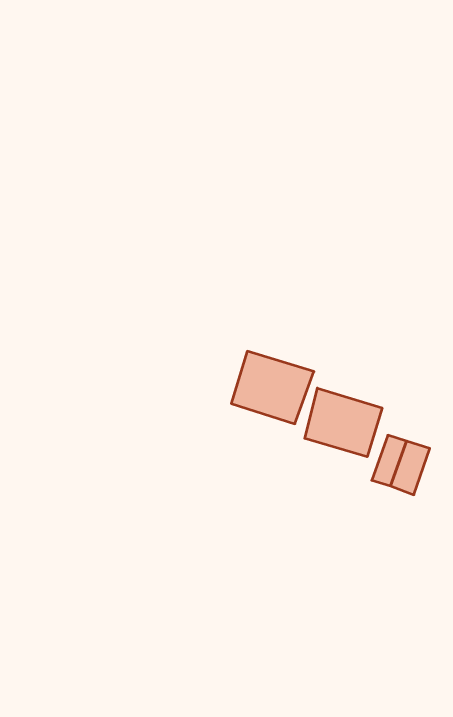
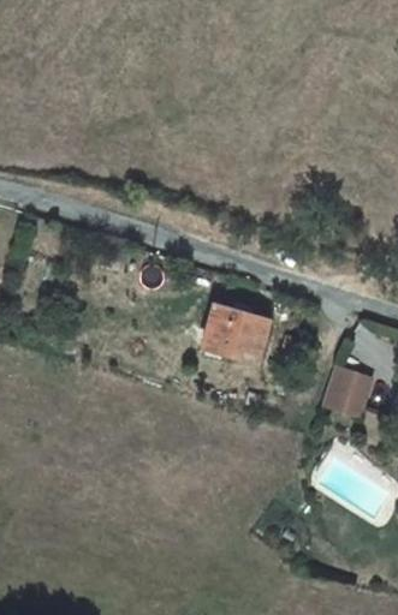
building: [305,388,382,457] -> none

